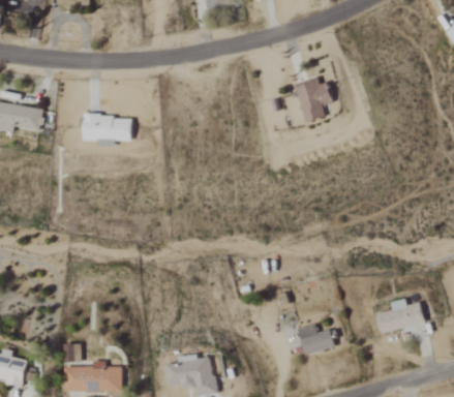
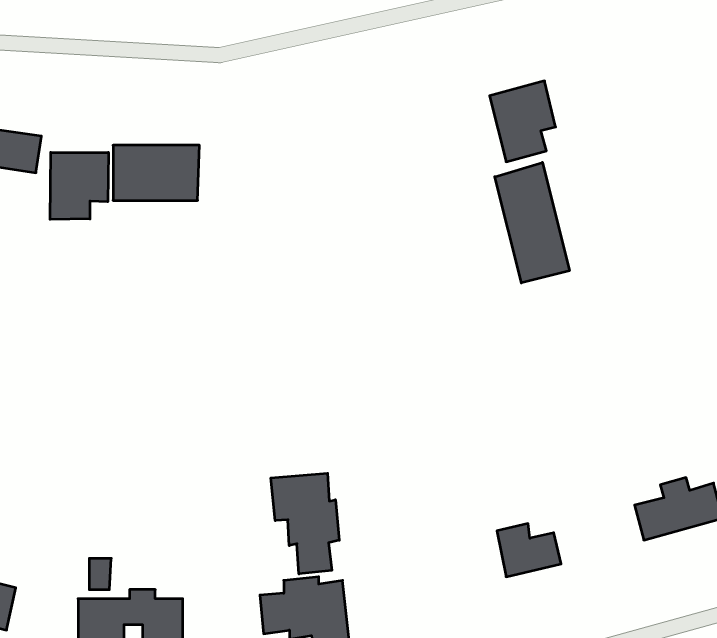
building: none -> [50,152,108,219]
building: none -> [495,162,569,283]
building: none -> [271,473,339,574]

